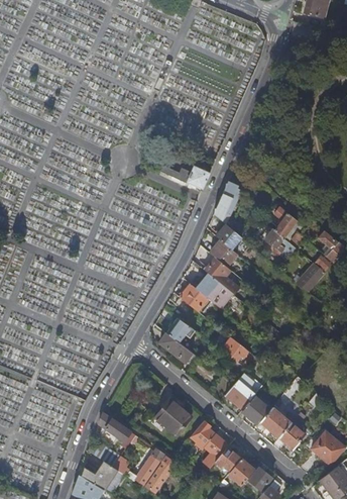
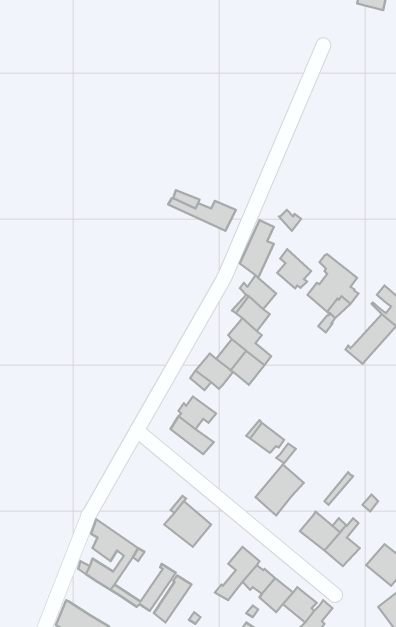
building: none -> [277,249,311,289]
building: [241,395,270,424] -> none
building: [190,420,215,450] -> none
building: [81,462,118,492] -> none

